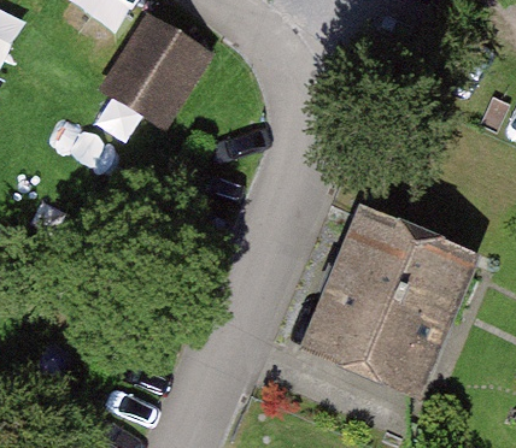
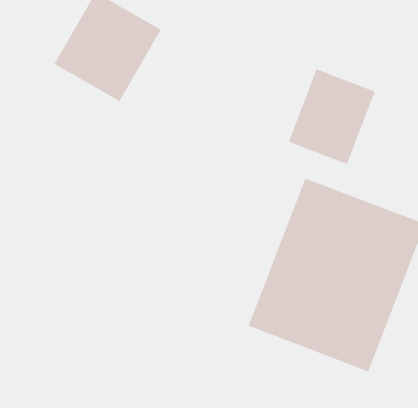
building: none -> [288,68,375,165]

